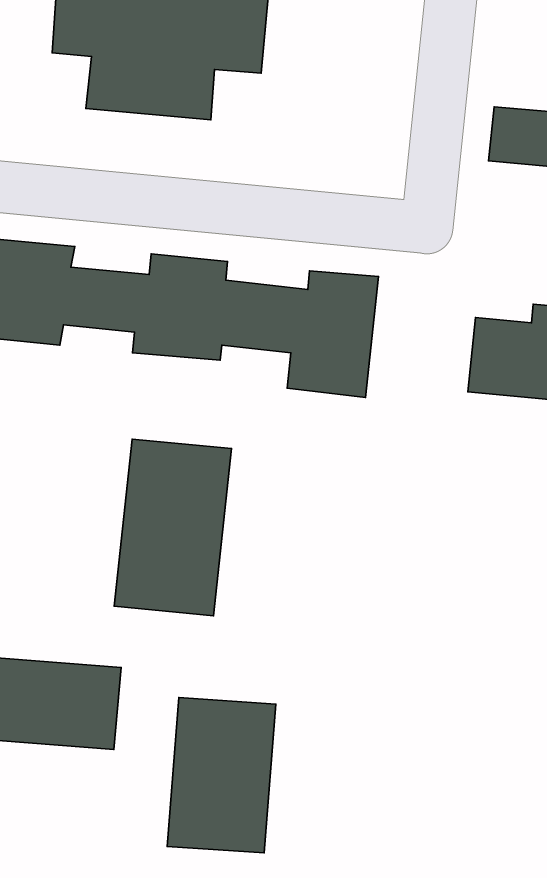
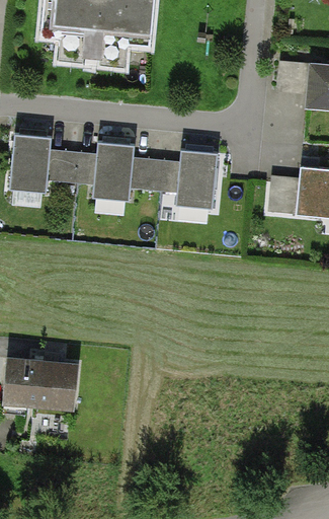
building: [114,439,232,616] -> none
building: [167,698,276,853] -> none

